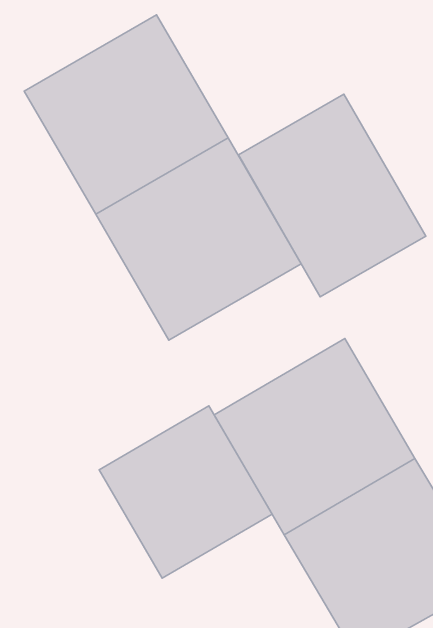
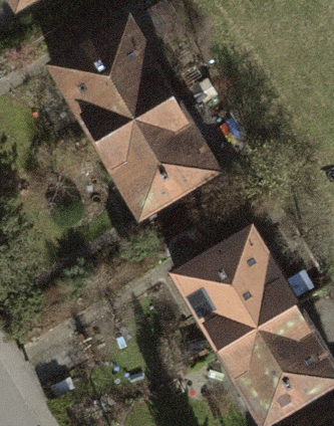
building: [238,94,426,297] -> none
building: [99,406,272,578] -> none

